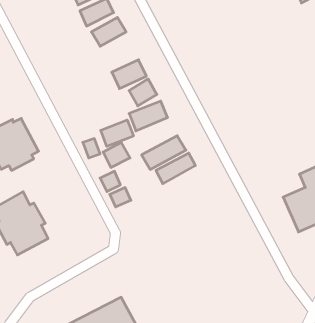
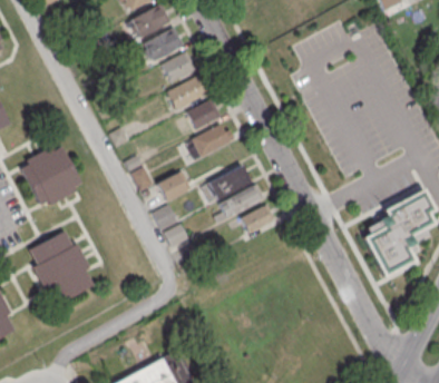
building: none -> [159,51,195,84]
building: [101,120,133,146] -> none
building: none -> [240,205,273,235]

